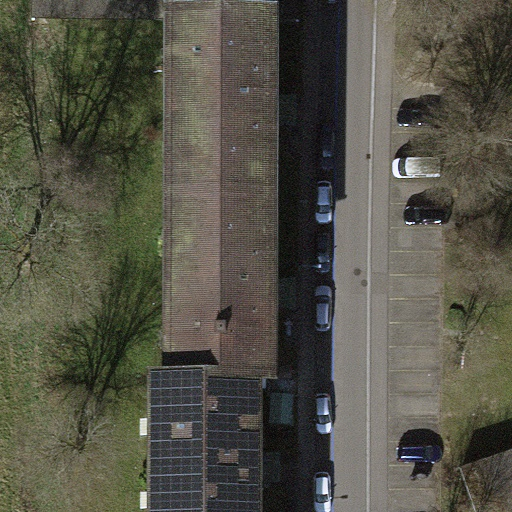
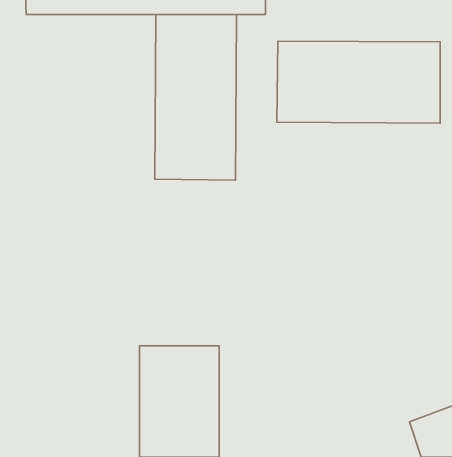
building: none -> [277,41,440,123]
building: [181,198,272,382] -> none

